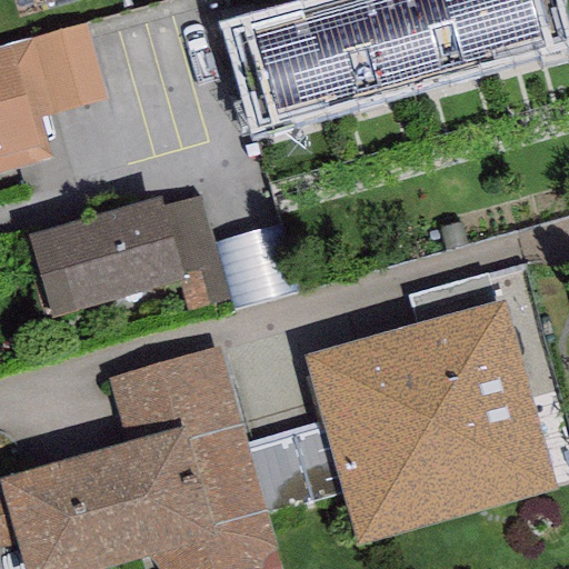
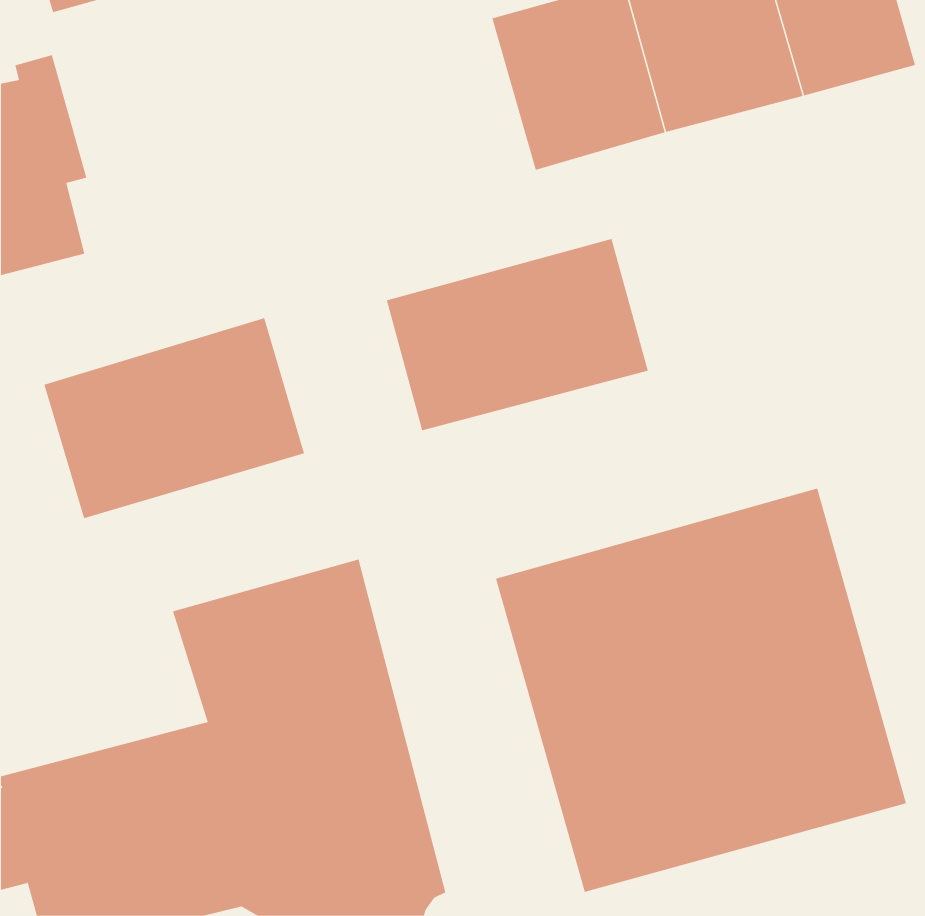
building: [233,11,329,123] -> none
building: [33,20,107,109] -> none
building: none -> [386,238,649,431]

